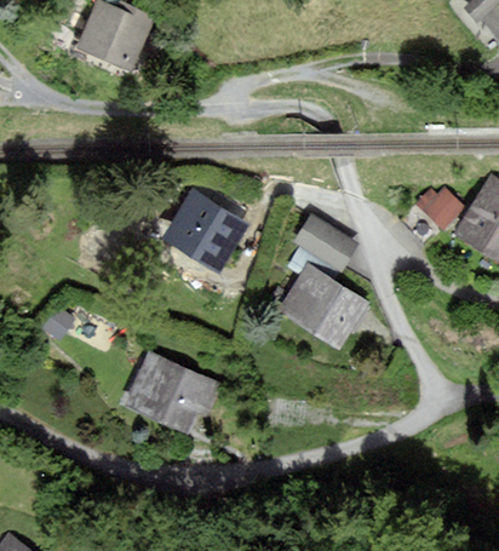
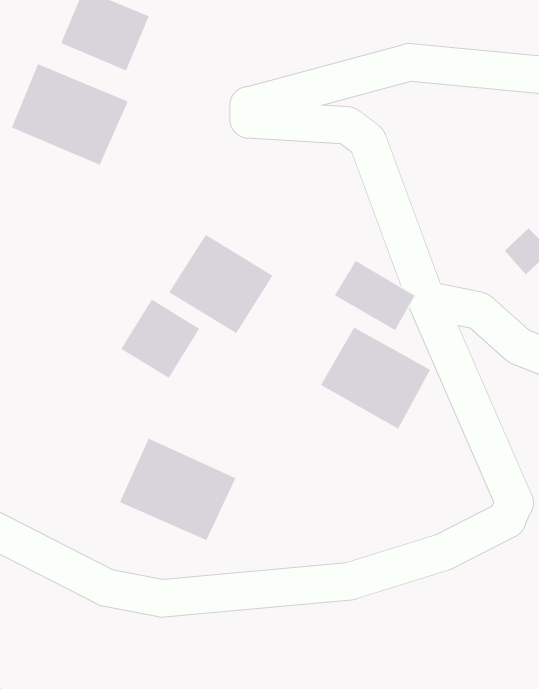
building: none -> [11,63,129,166]
building: none -> [120,299,200,379]

